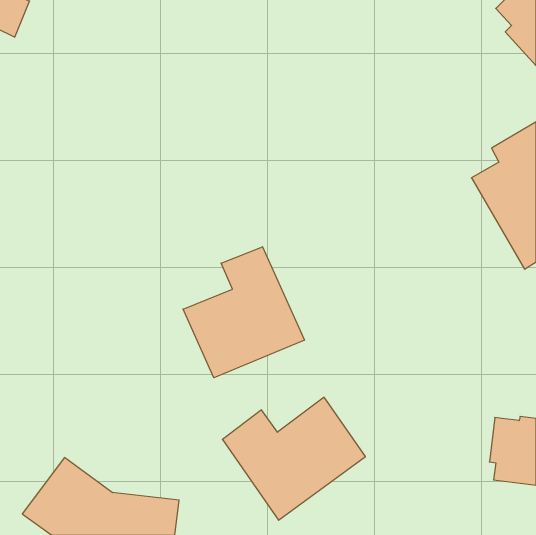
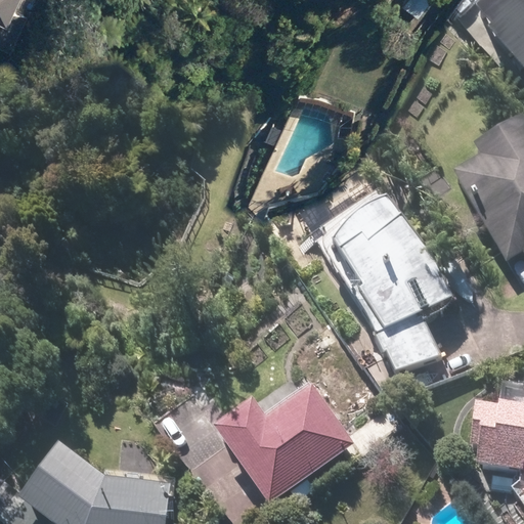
building: none -> [339,200,452,368]
building: [183,247,304,378] -> none

